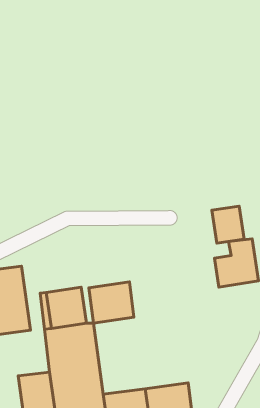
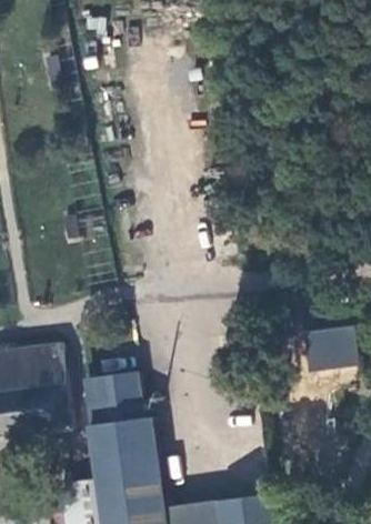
building: [212,206,244,243] -> none
building: [89,282,134,323] -> none

